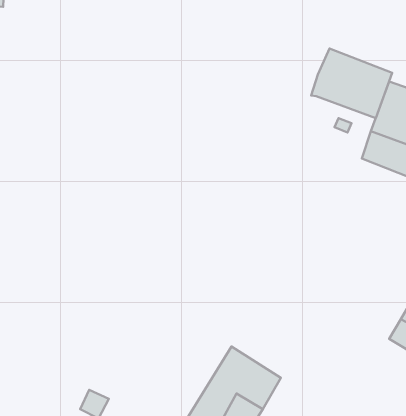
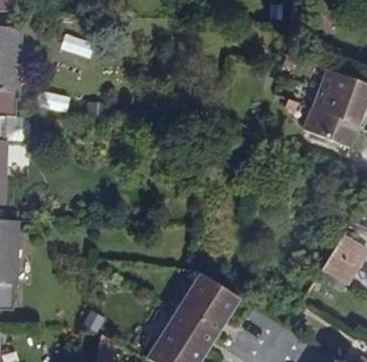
building: [311,49,392,118] -> none

